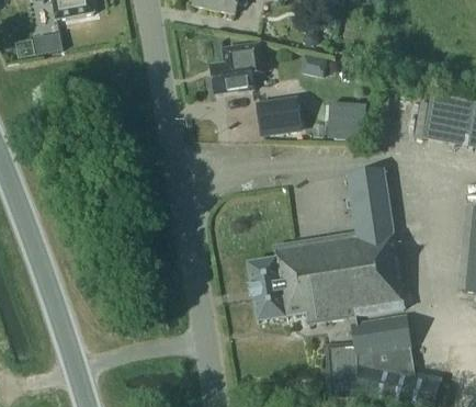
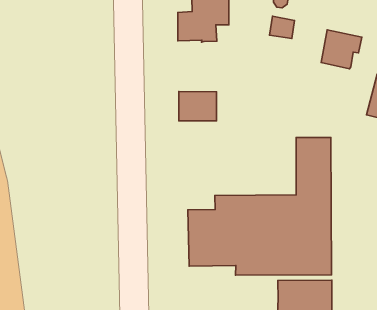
building: [257,95,299,131] -> [179,92,217,121]
building: [328,102,365,138] -> [321,30,362,69]

